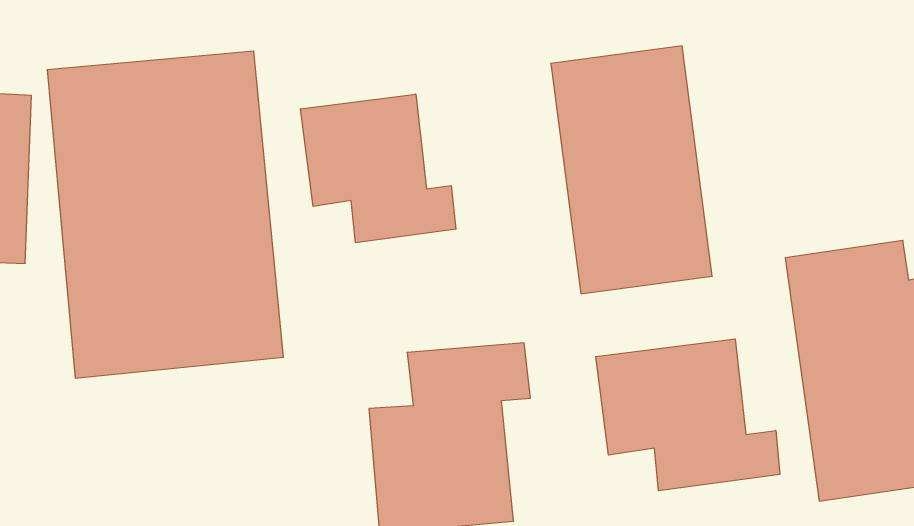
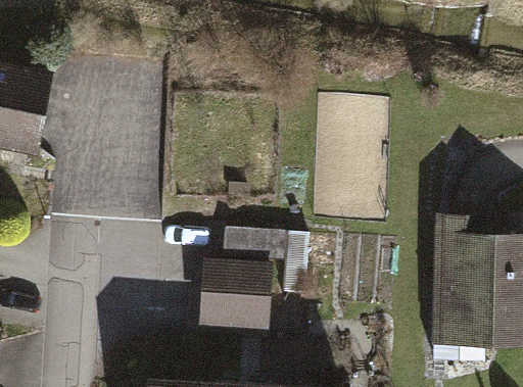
building: [301,94,456,243] -> none
building: [596,339,780,491] -> none

